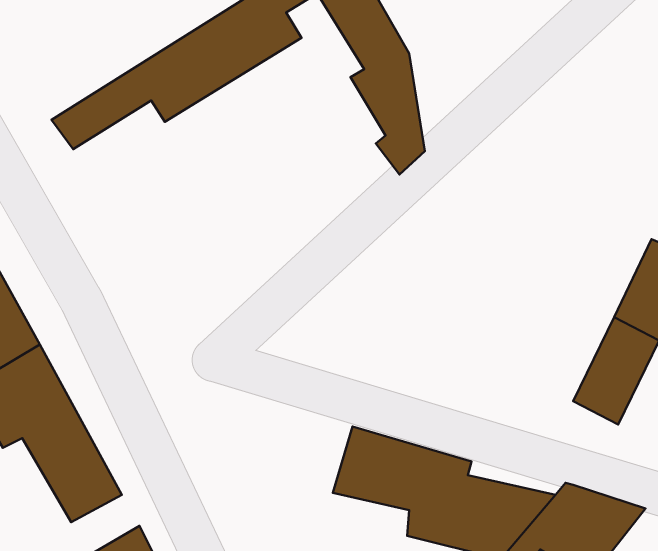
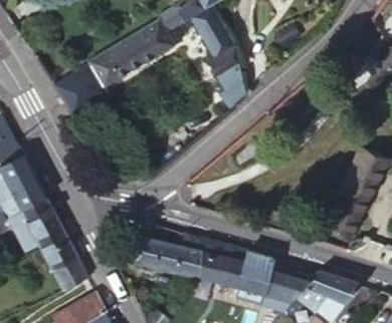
building: none -> [135,236,208,276]

